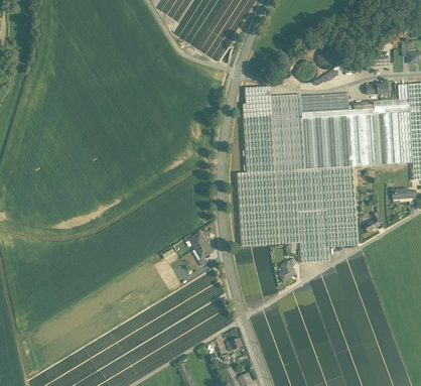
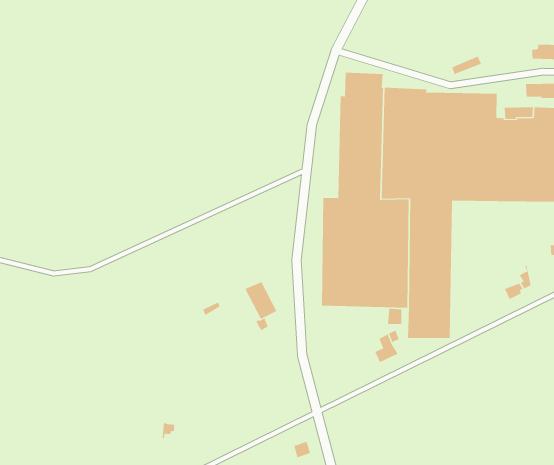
building: [324,165,359,246] -> none

